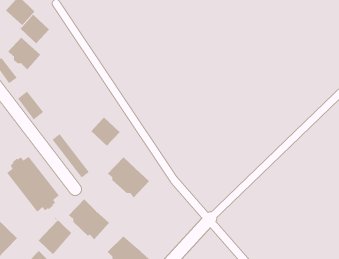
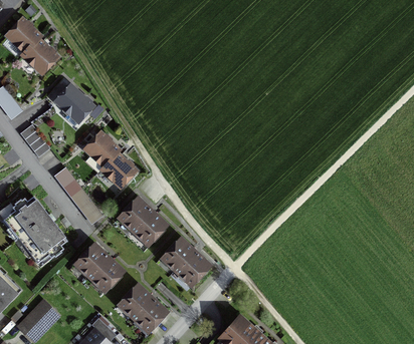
building: [8,37,41,70] -> [55,85,92,122]
building: none -> [85,133,119,169]
building: none -> [163,238,209,284]
building: [38,217,72,255] -> none

